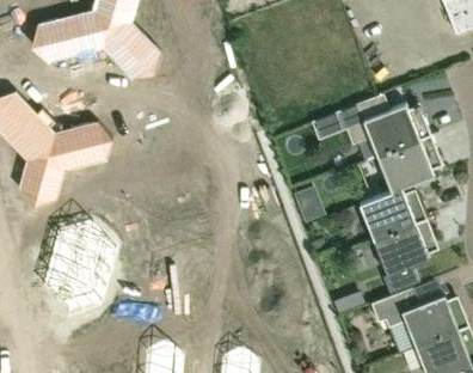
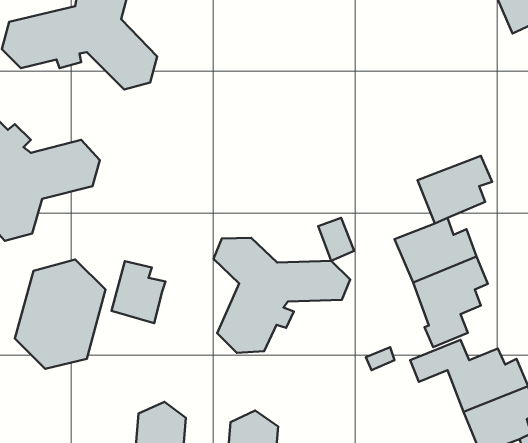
building: [338,99,429,154] -> none
building: none -> [213,238,350,353]
building: none -> [111,261,165,323]

